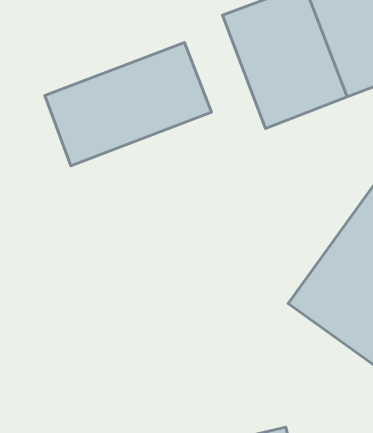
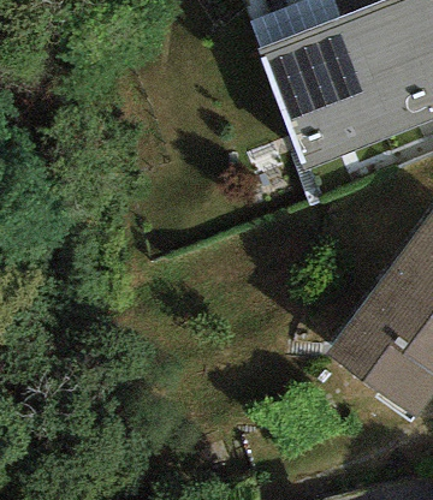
building: [45,43,212,166] -> none

